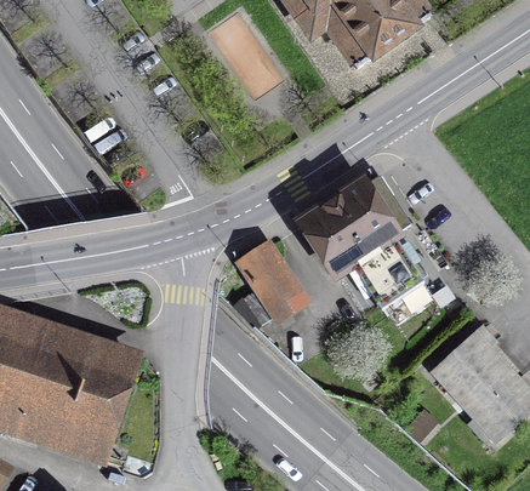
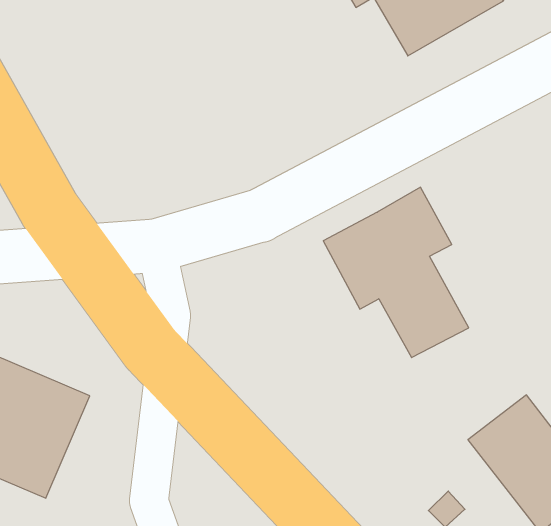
building: [239,247,297,324] -> none

